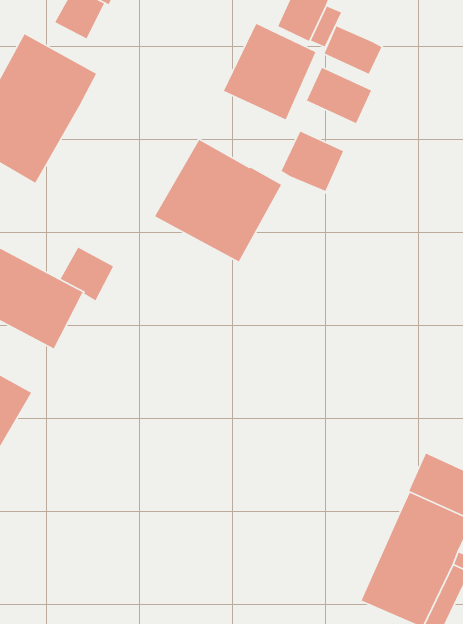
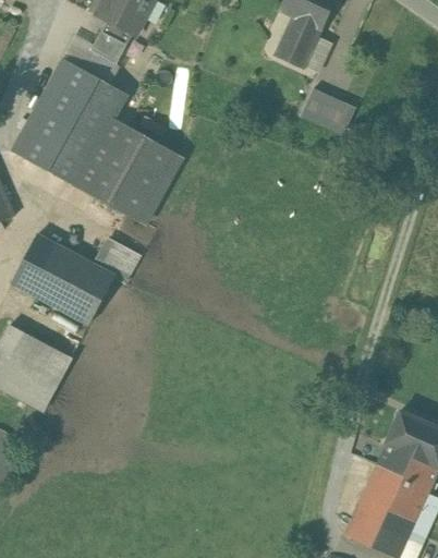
building: [223,23,316,121] -> none
building: [324,25,383,75] -> none
building: [281,131,344,193] -> none
building: [155,139,282,263] -> [74,120,181,223]

